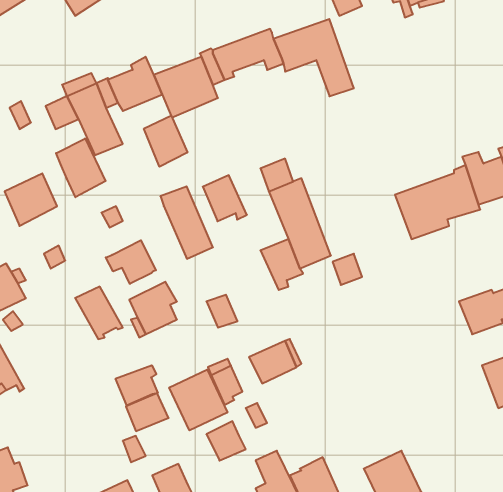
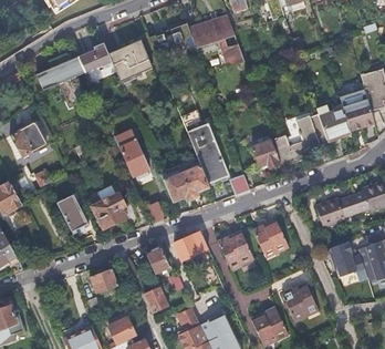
building: [144,116,187,167] -> none
building: [56,138,106,197] -> none
building: [203,175,247,221] -> [163,171,192,202]
building: none -> [251,138,279,166]
building: [106,240,156,284] -> none
building: none -> [252,217,289,256]
building: none -> [218,228,253,267]
building: [116,365,158,406] -> none
building: [169,370,227,430] -> none
building: none -> [282,283,320,321]

